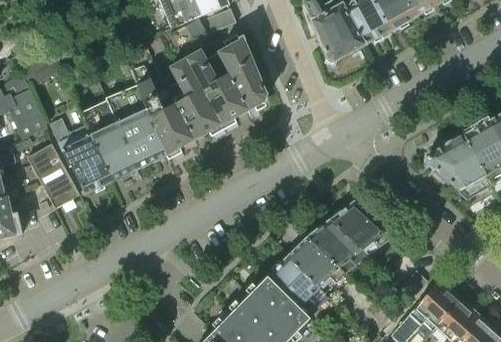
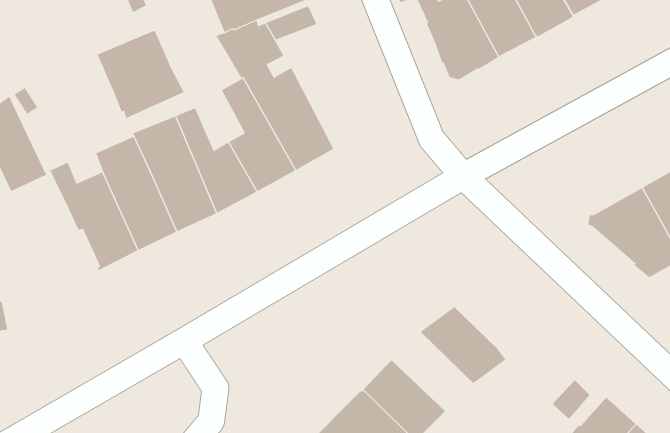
building: none -> [97,30,184,119]
building: [218,38,265,108] -> none
building: [27,142,79,207] -> none
building: [332,202,391,248] -> none
building: [288,236,345,291] -> none

